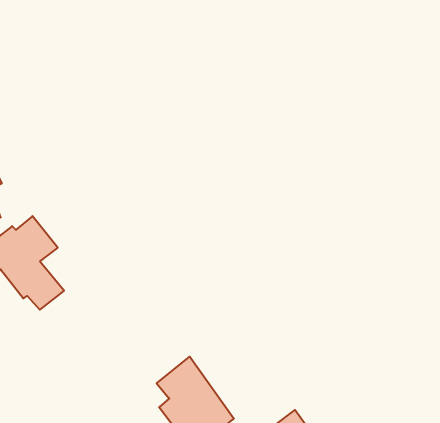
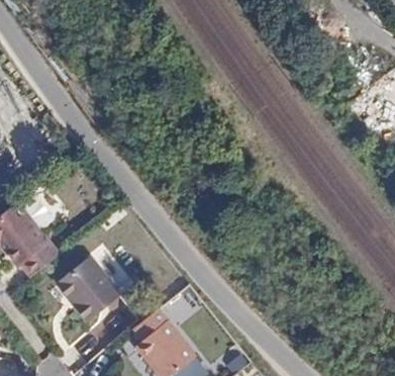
building: none -> [55,256,116,318]

